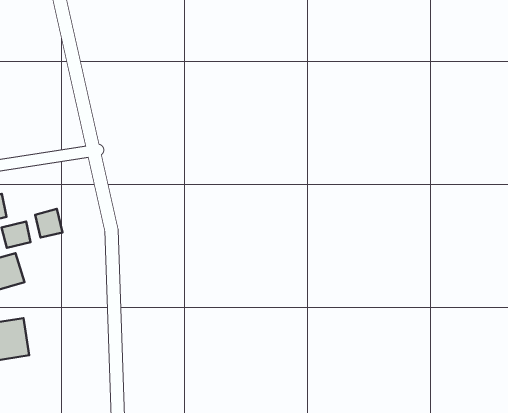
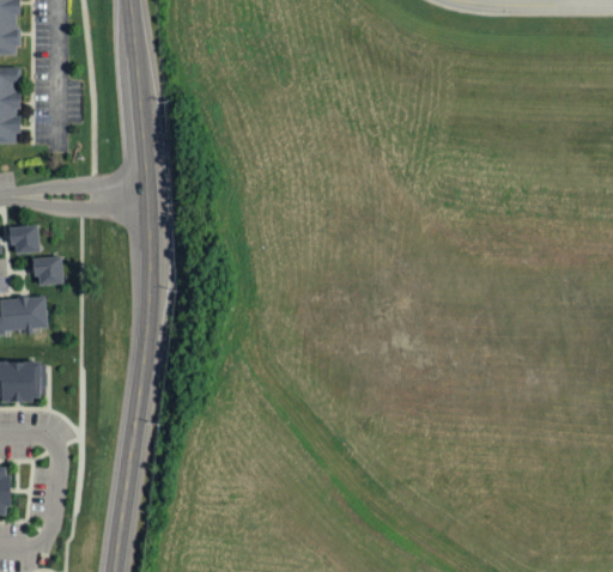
building: [35,209,63,238] -> none

